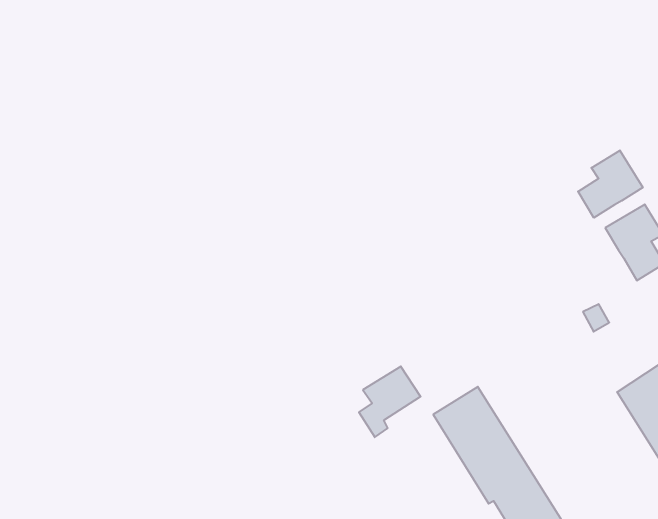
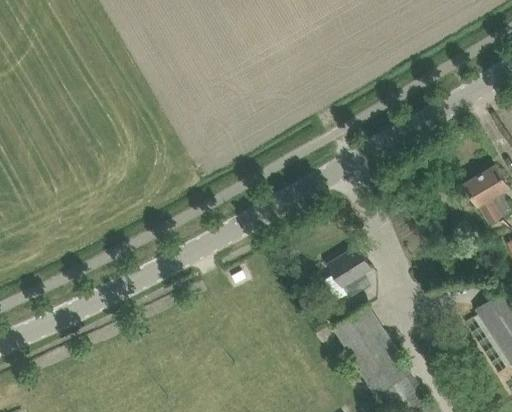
building: [578,150,643,218] -> none
building: [359,366,421,437] -> [325,249,372,303]

